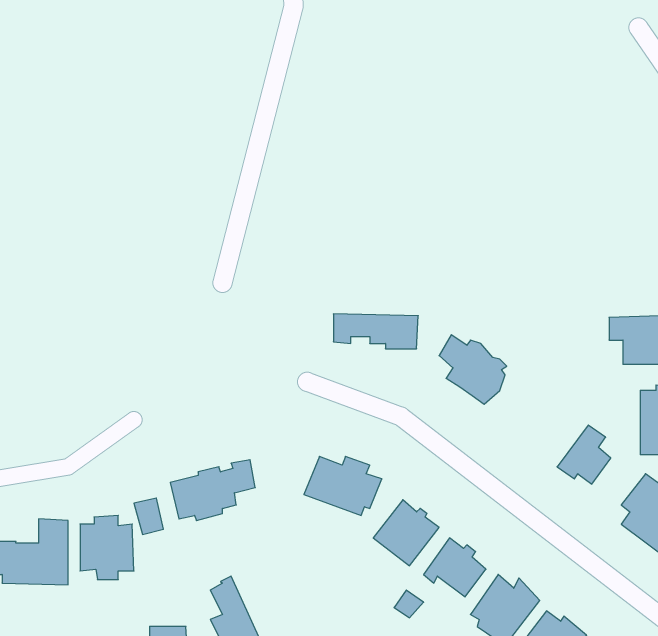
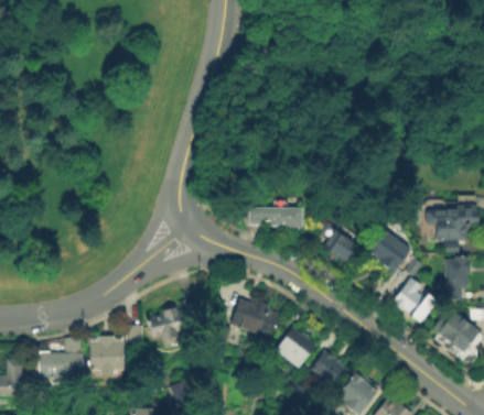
building: none -> [363,227,417,273]

